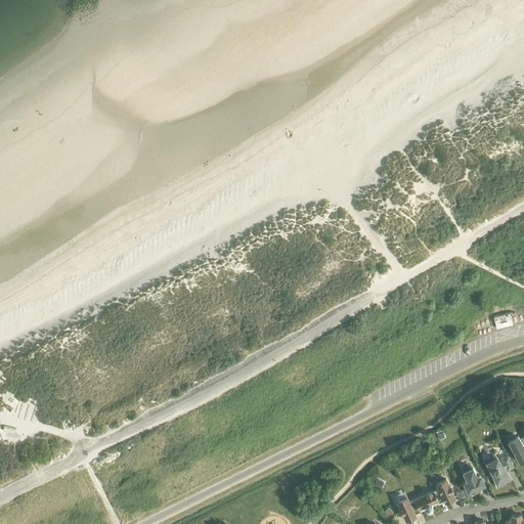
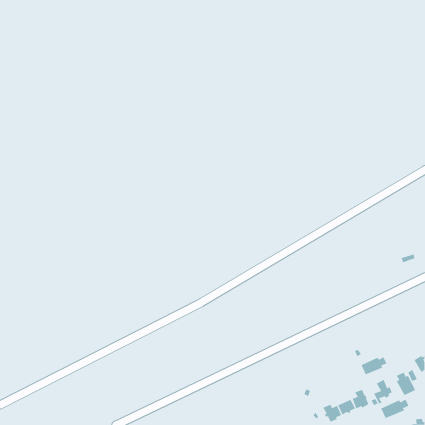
building: none -> [361,356,387,375]
building: none -> [381,399,409,419]

